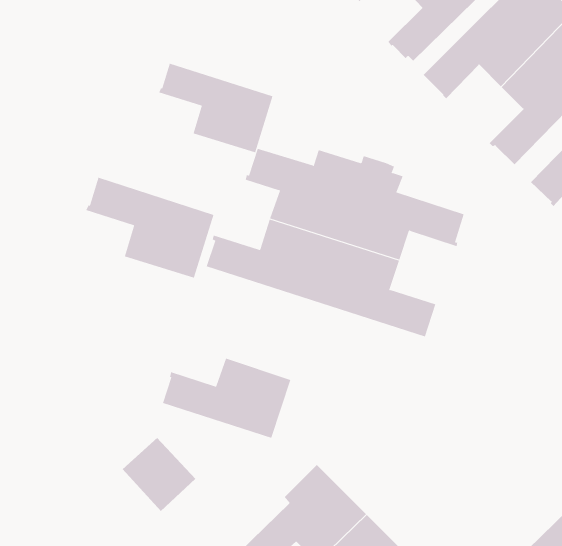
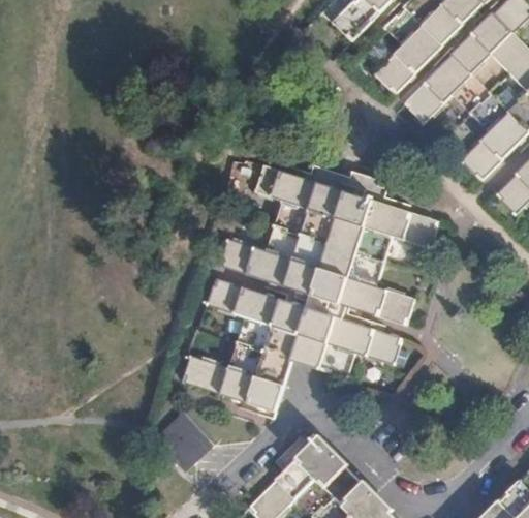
building: [158,63,273,153] -> none
building: [86,177,214,279] -> none
building: none -> [207,278,402,378]

